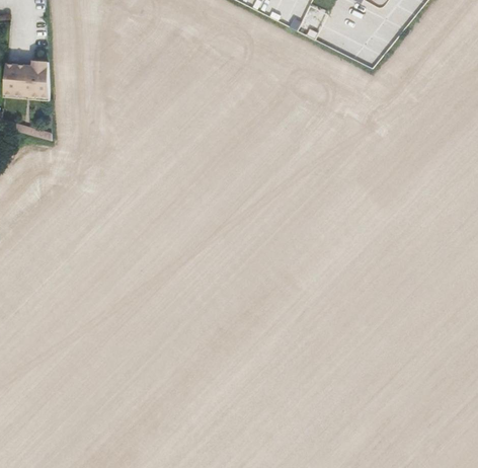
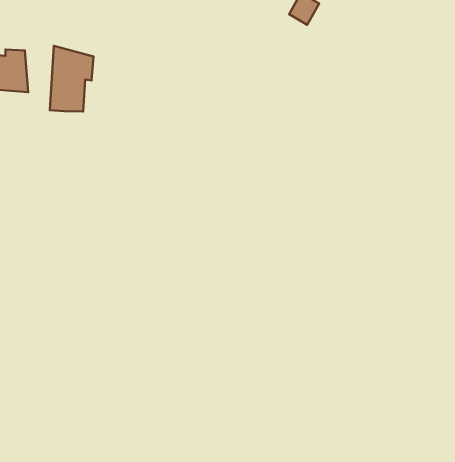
building: none -> [50,46,93,112]

